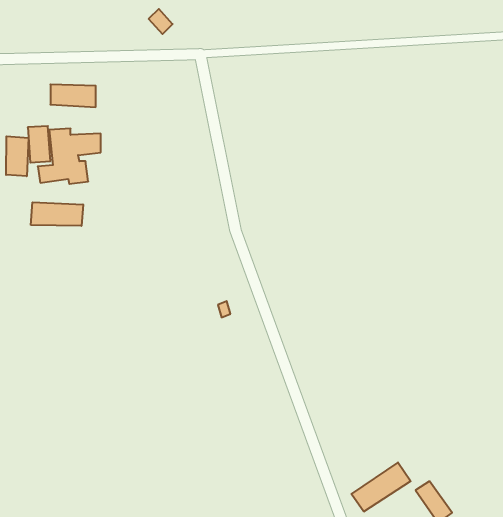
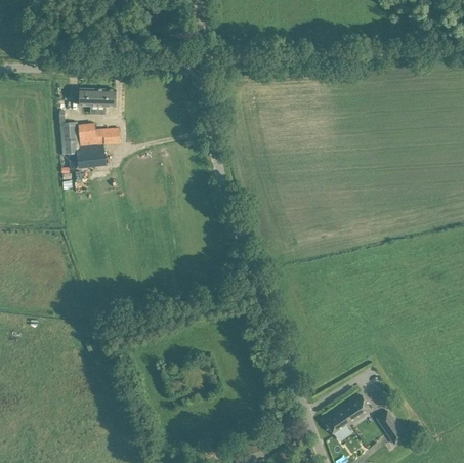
building: [6,136,28,176] -> none
building: [31,202,83,226] -> none

